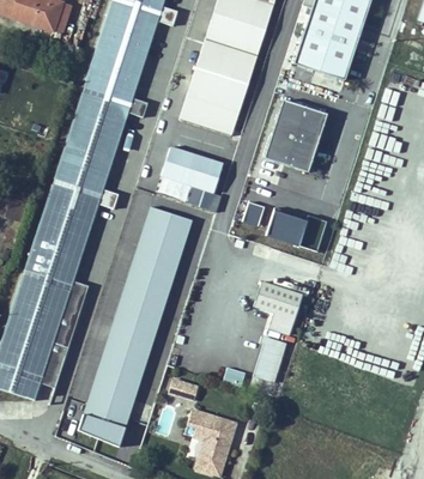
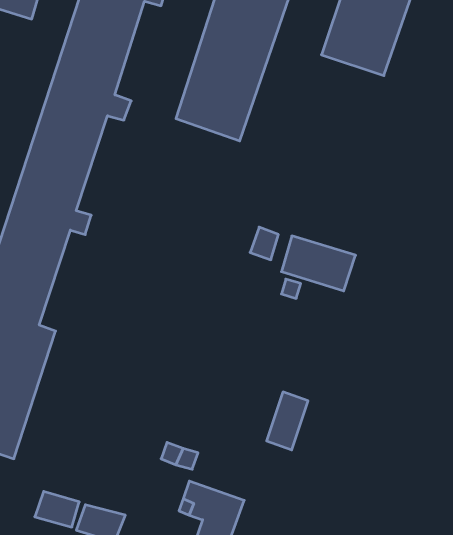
building: [267,98,331,172] -> none
building: [160,148,224,213] -> none
building: [81,212,198,423] -> none
building: [255,280,304,333] -> none

